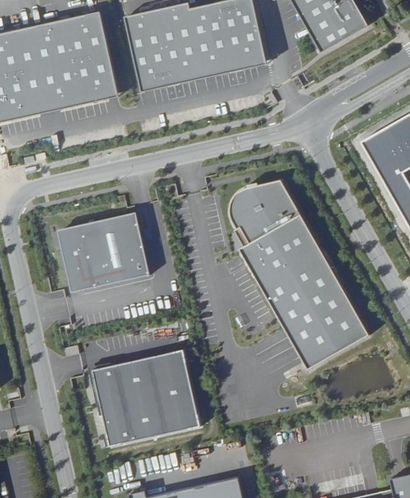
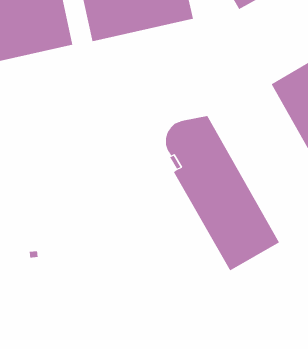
building: [58,212,149,290] -> none
building: [92,351,200,446] -> none

